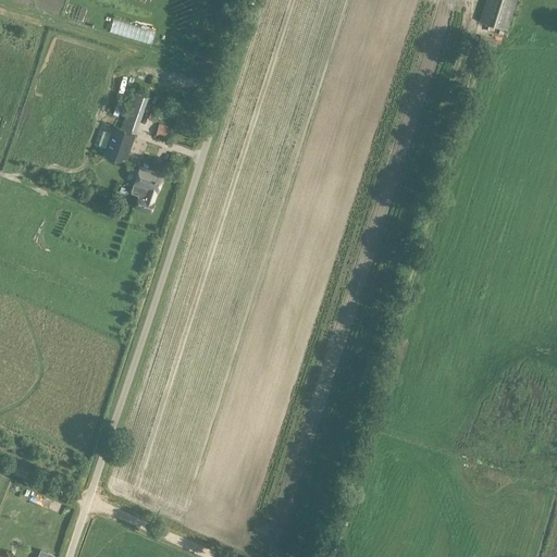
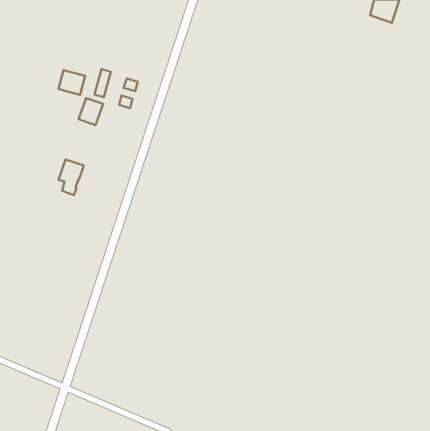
building: none -> [59,70,85,95]
building: [128,165,161,211] -> [59,160,84,195]

